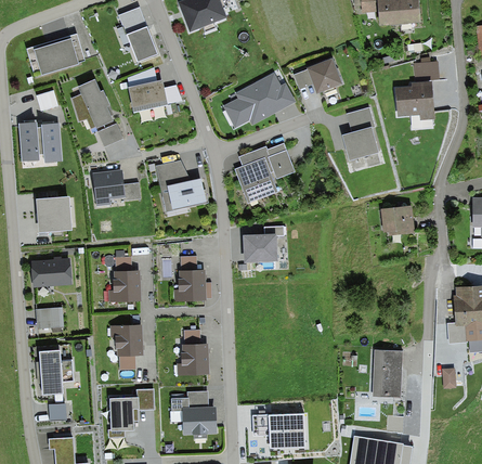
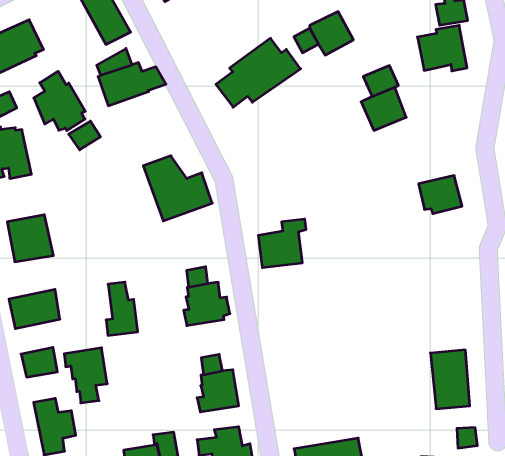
building: [234,142,296,203] -> none
building: [91,170,140,206] -> none
building: [110,325,143,369] -> [64,348,107,403]

